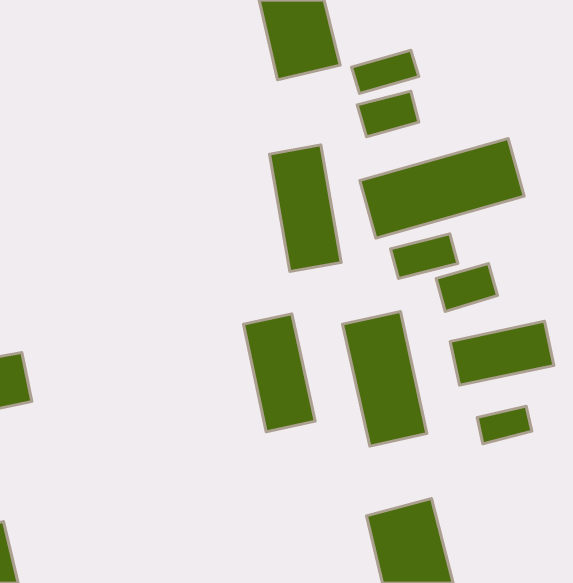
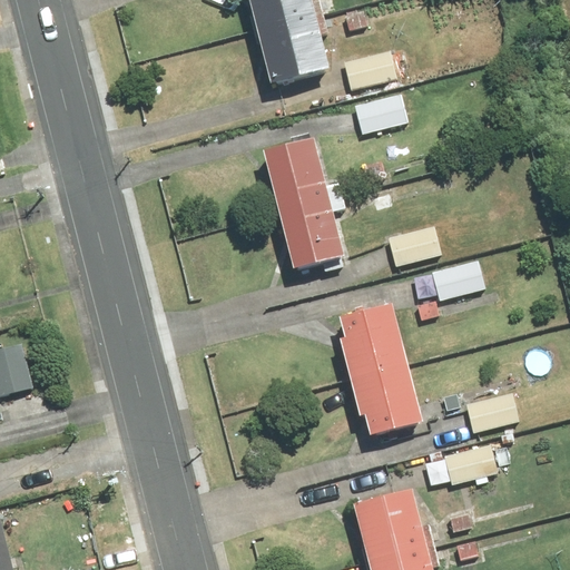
building: [360,138,524,238] -> none
building: [244,314,315,432] -> none
building: [450,321,554,385] -> none
building: none -> [438,441,501,485]

